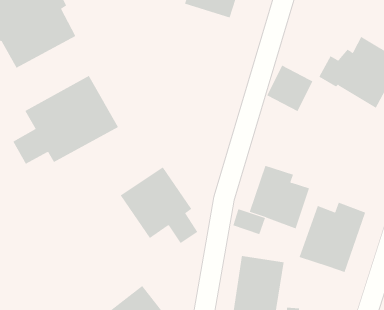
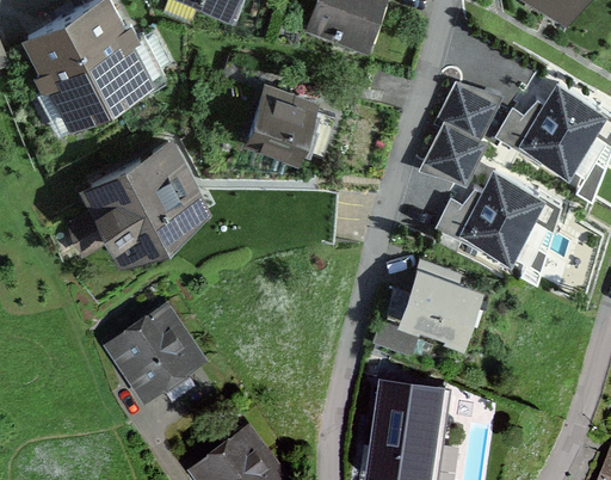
building: none -> [433,79,501,140]
building: none -> [243,85,316,164]
building: none -> [431,167,556,267]
building: [120,166,198,244] -> [106,309,216,418]
building: [299,202,366,273] -> none

